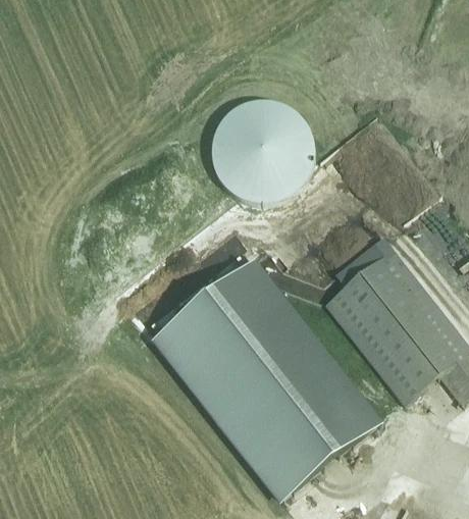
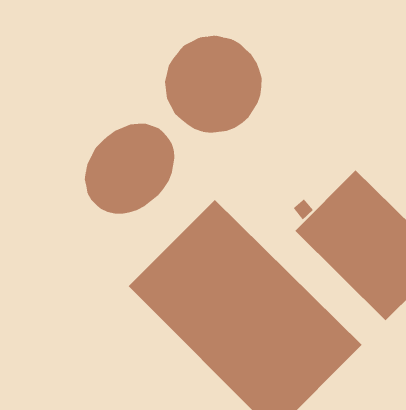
building: none -> [84,123,175,215]

